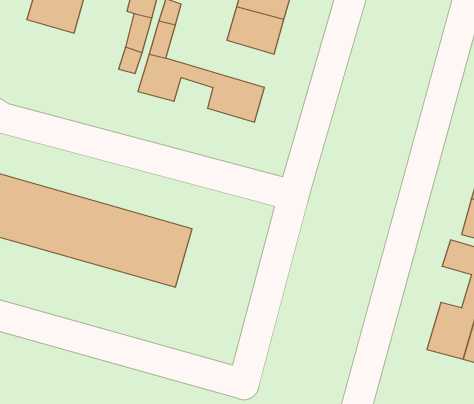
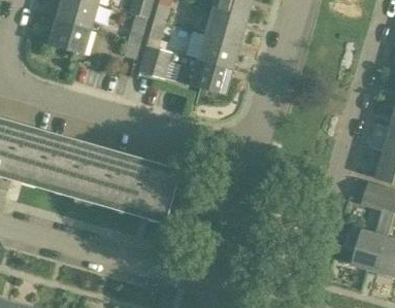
building: none -> [47,19,90,55]
building: none -> [196,34,238,69]

